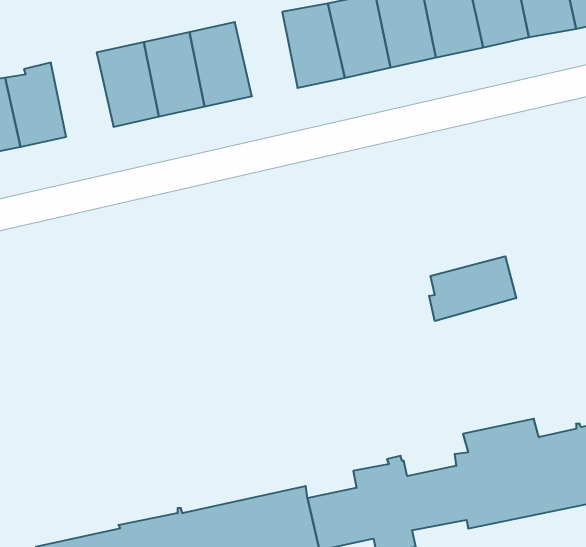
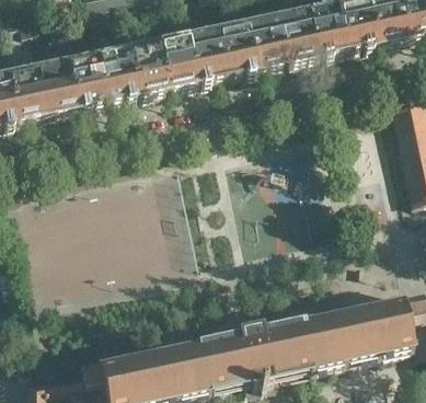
building: none -> [158,35,198,90]
building: none -> [38,65,79,116]
building: [429,256,516,321] -> none

